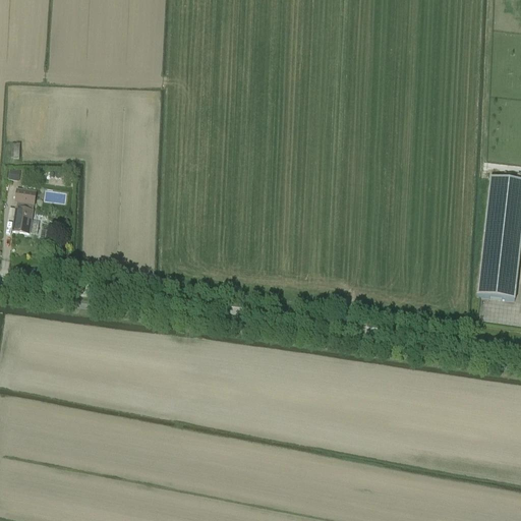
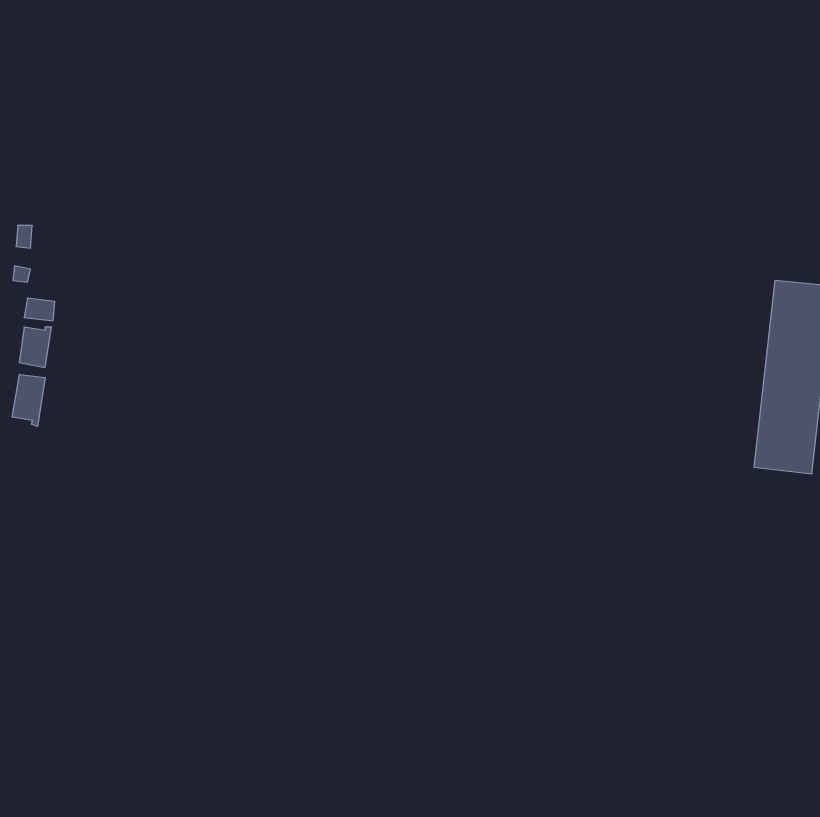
building: none -> [12,374,45,426]

